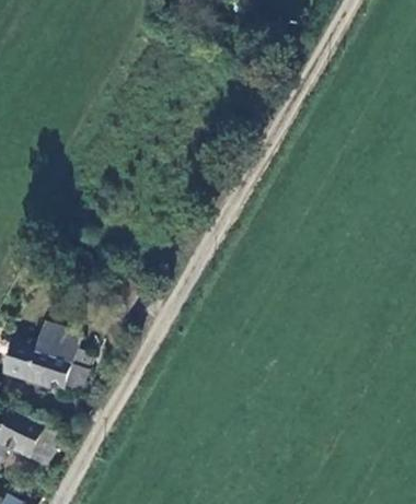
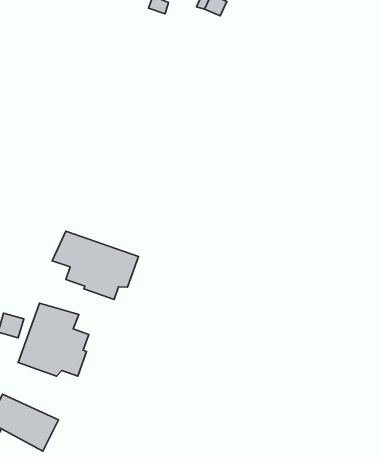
building: none -> [52,231,138,299]

